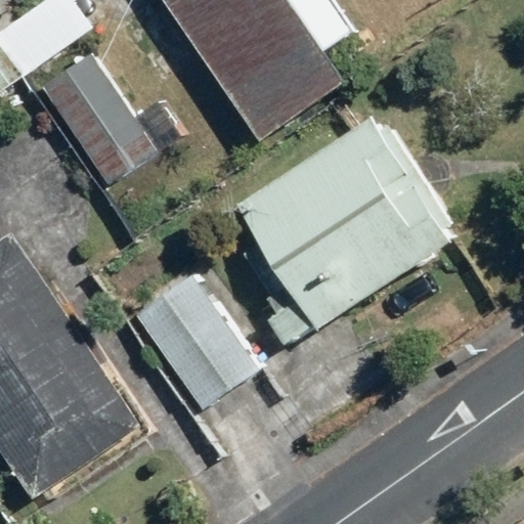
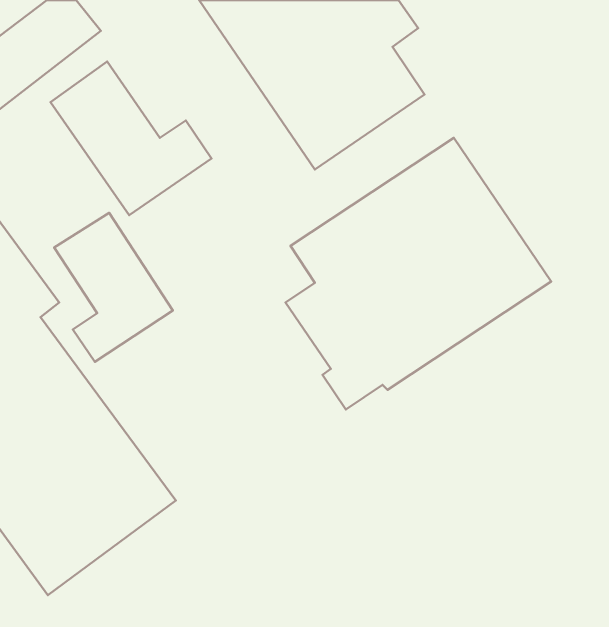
building: none -> [54,213,173,362]
building: [132,270,253,406] -> none

